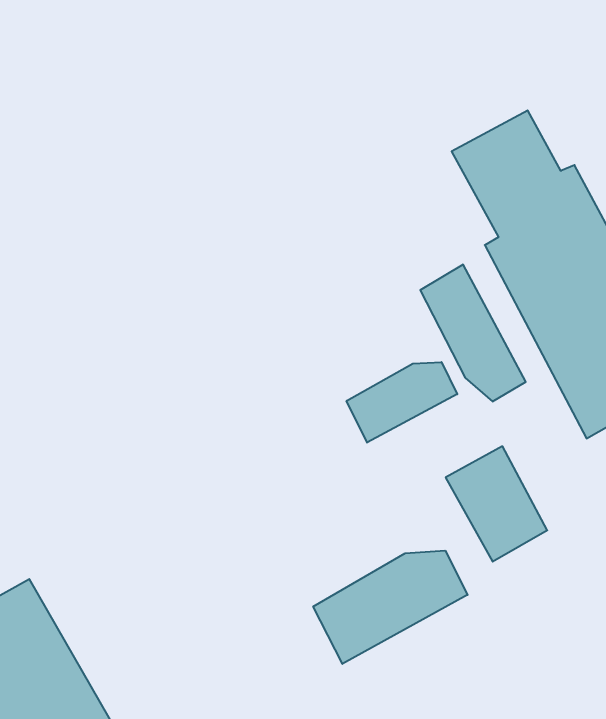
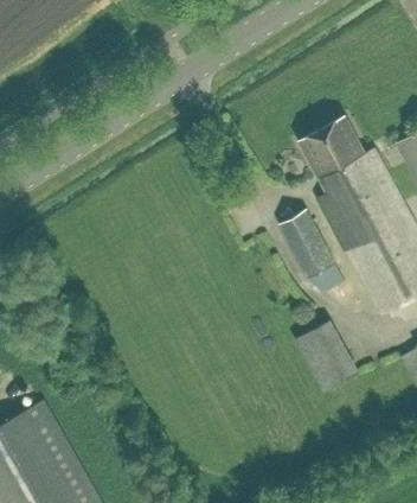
building: [347,362,457,443] -> none
building: [313,551,468,664] -> none

